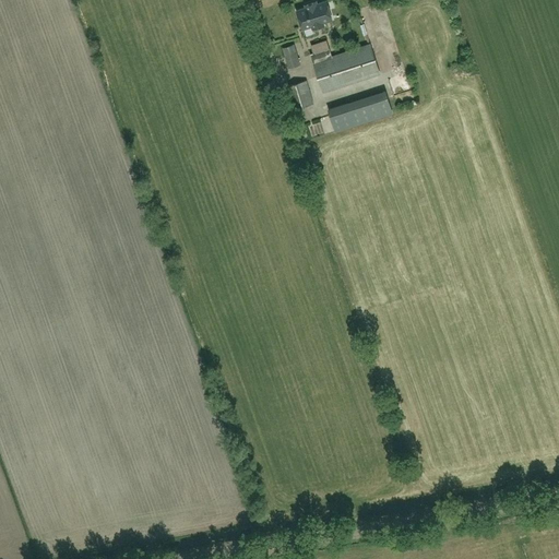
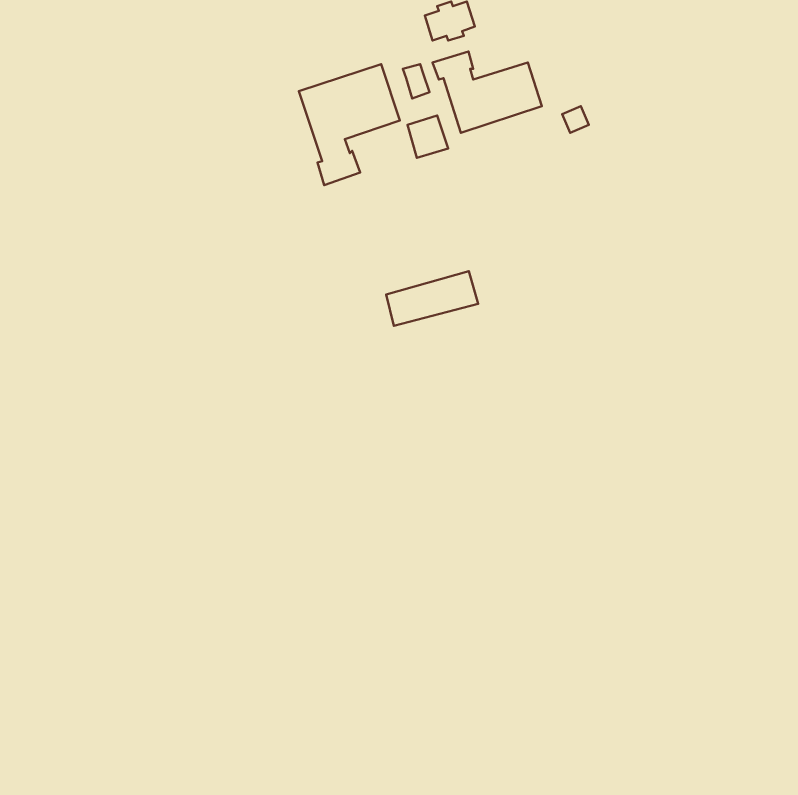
building: none -> [299,64,400,185]
building: [330,91,394,129] -> [386,271,478,326]

